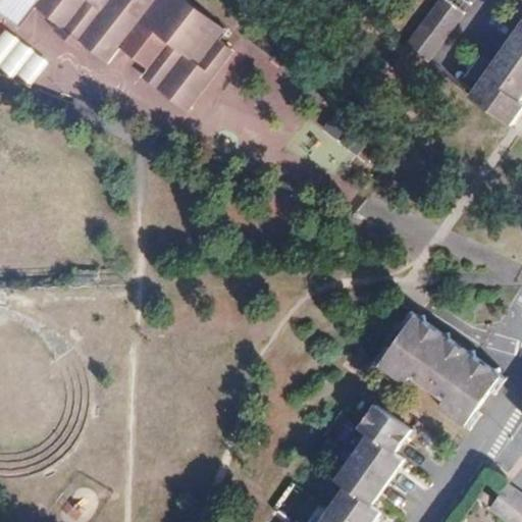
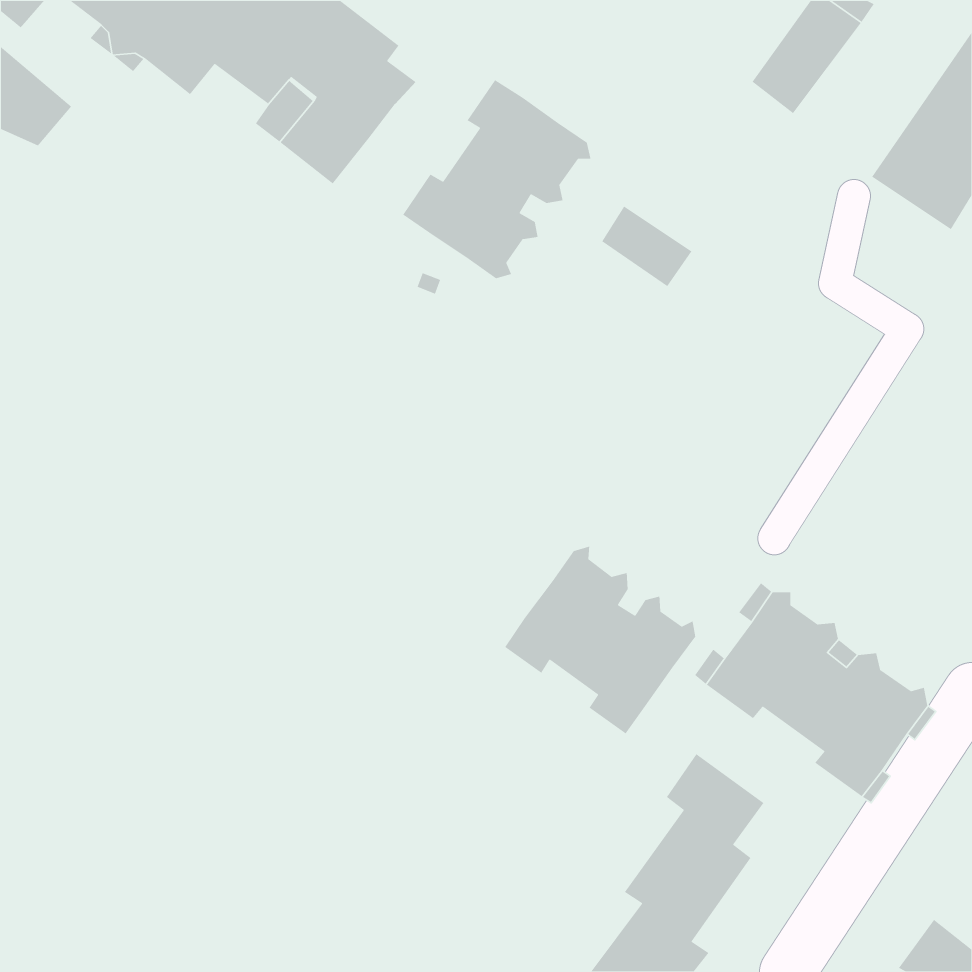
building: none -> [402,79,592,279]
building: none -> [504,545,696,734]

